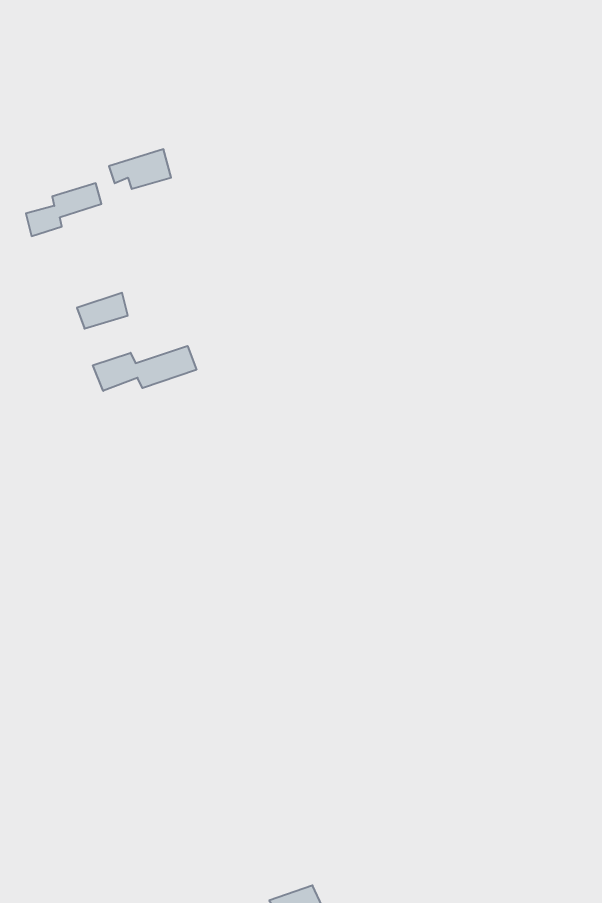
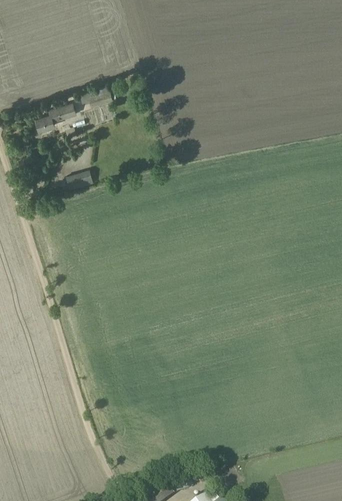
building: [93,346,196,391] -> none

